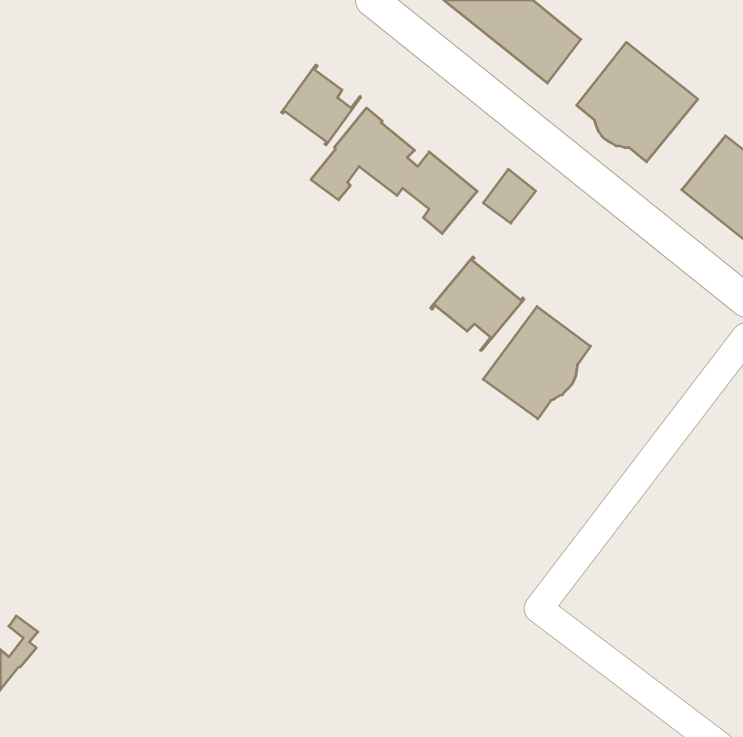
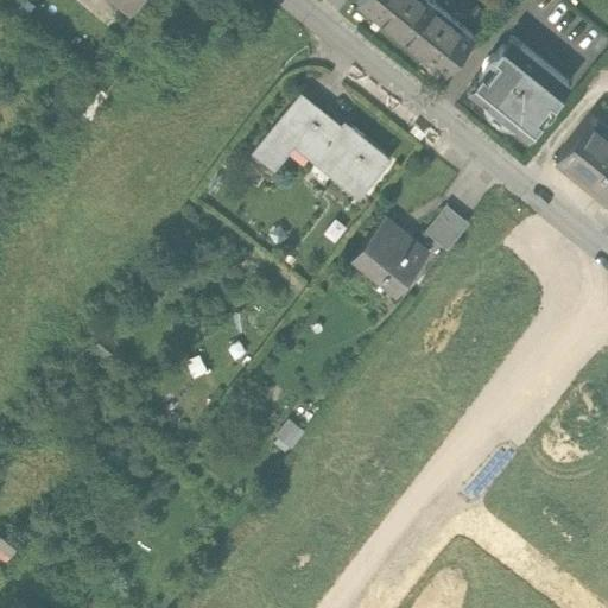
building: [281,65,361,145] -> none
building: [483,169,536,223] -> [426,207,469,251]
building: [483,306,591,419] -> none

